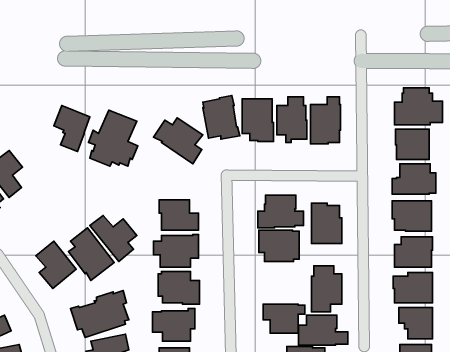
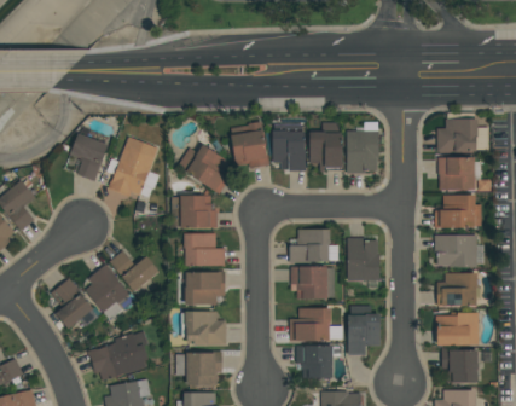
building: none -> [172,196,216,228]
building: [299,315,348,345] -> [289,308,342,341]

